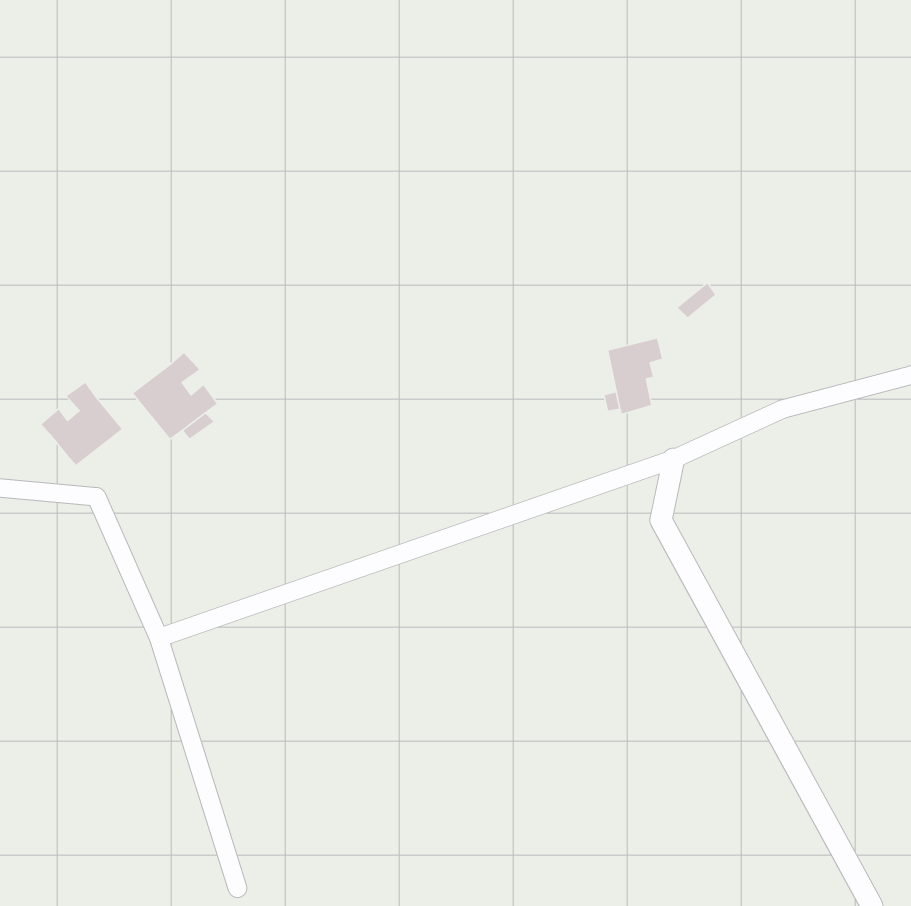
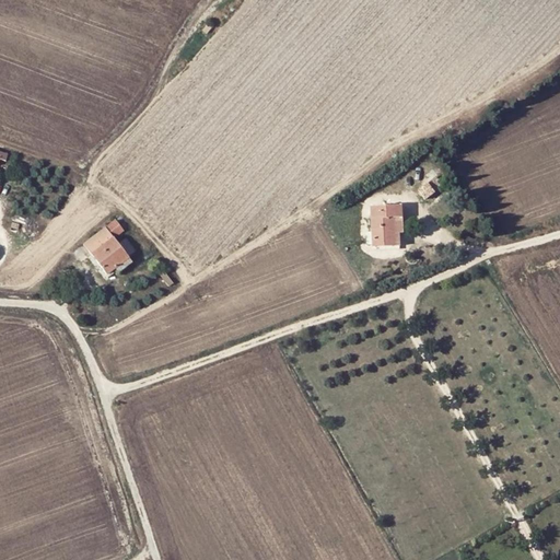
building: [40,382,123,466] -> none

